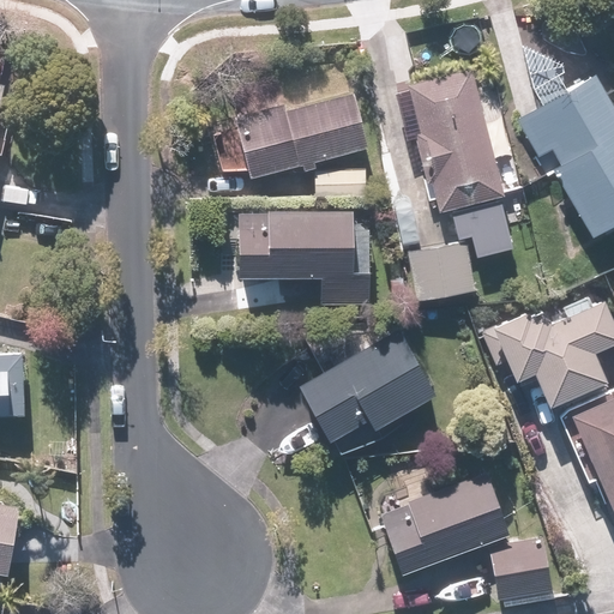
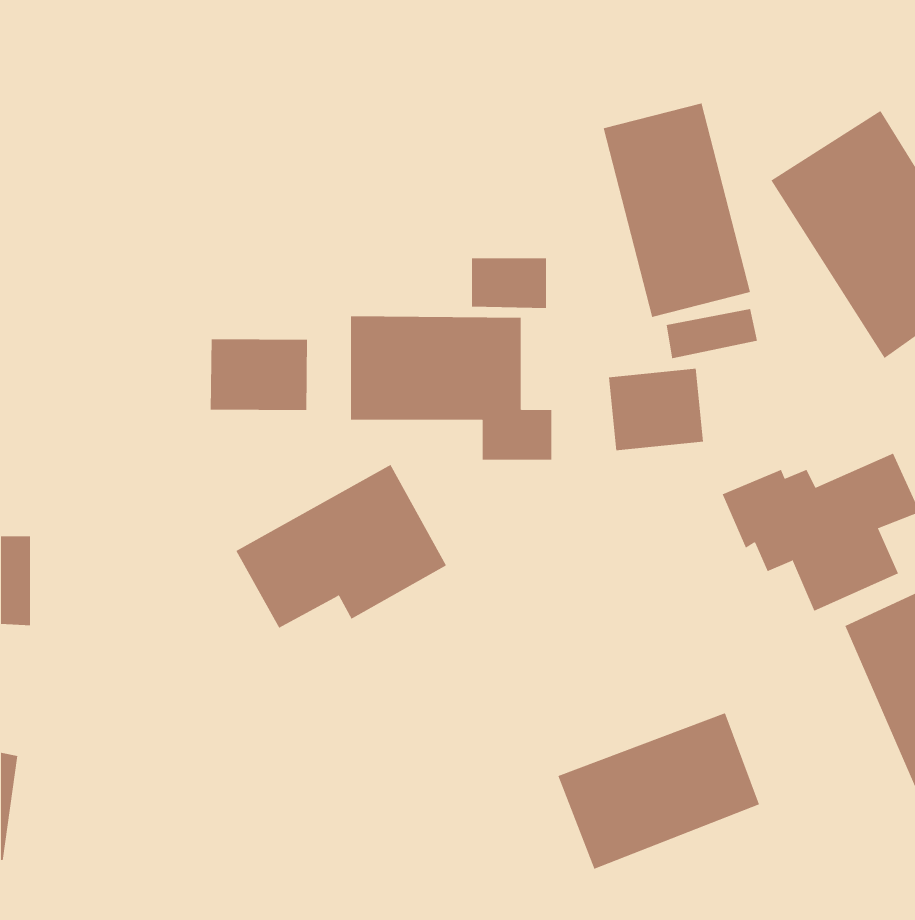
building: [225,95,369,182] -> none
building: none -> [210,338,307,411]
building: [299,330,439,439] -> [236,464,447,628]
building: [487,536,556,606] -> none

